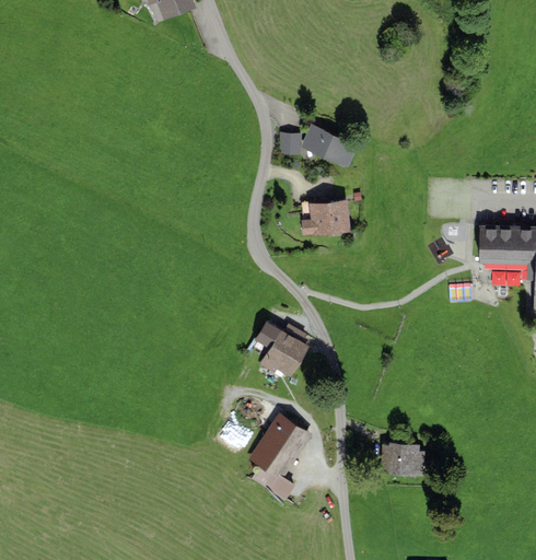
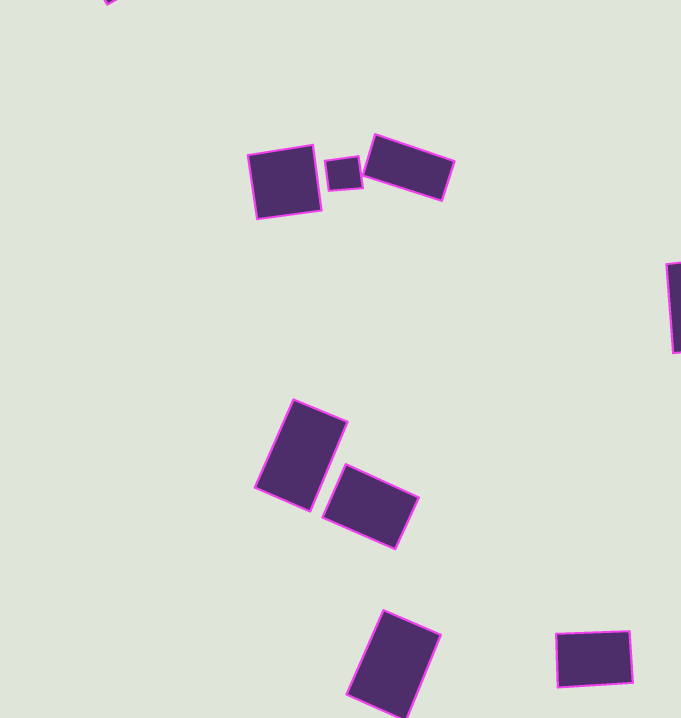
building: none -> [248,145,322,219]
building: [300,197,349,235] -> none
building: none -> [255,399,348,511]

